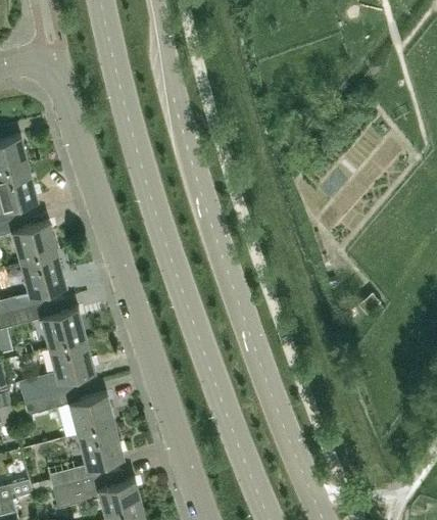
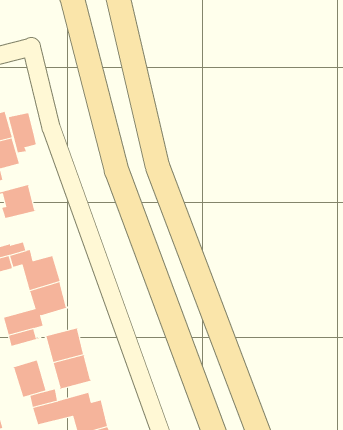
building: none -> [8,112,37,153]
building: [19,254,65,295] -> none
building: none -> [13,360,46,398]

